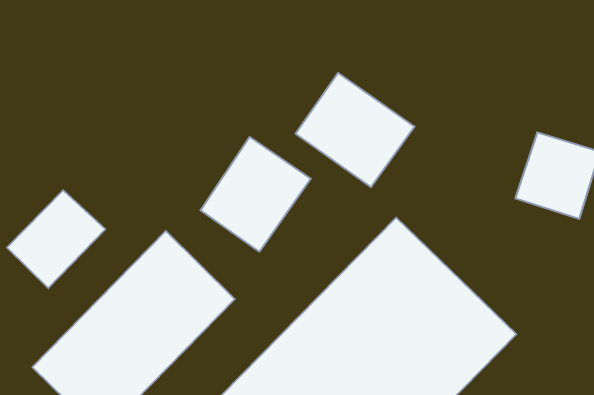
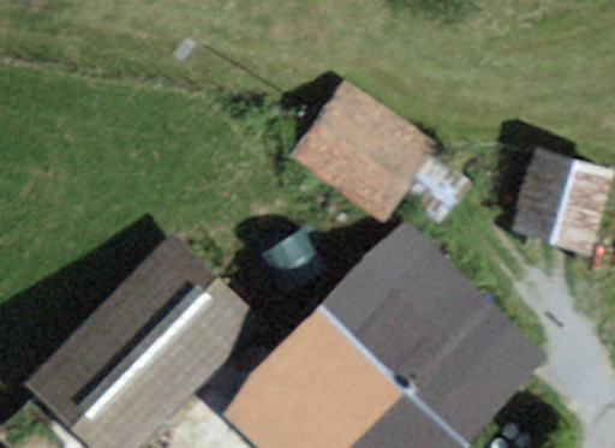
building: [200,137,311,252] -> none
building: [7,190,105,288] -> none

